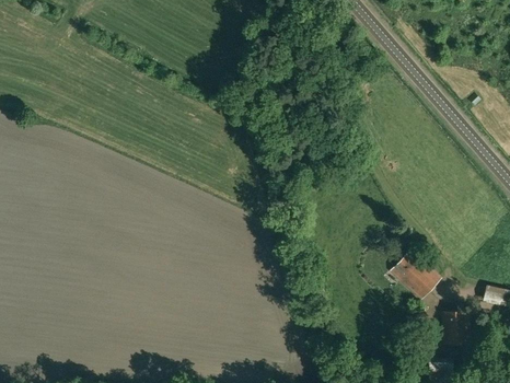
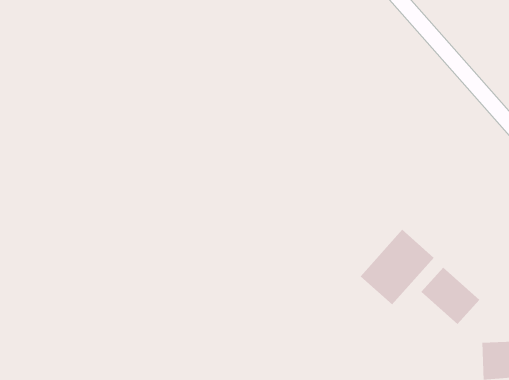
building: none -> [360,229,434,305]

